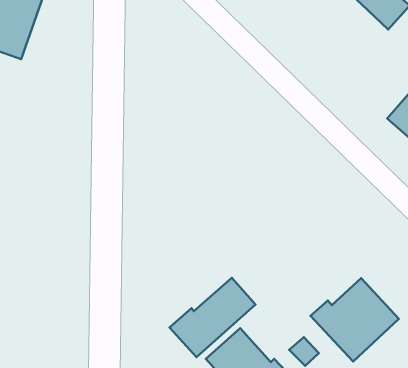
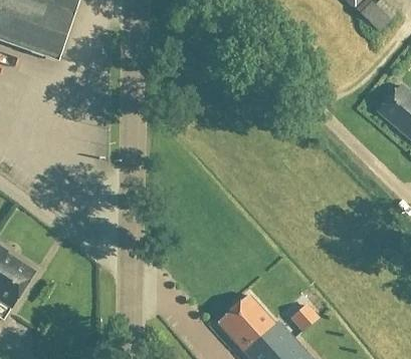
building: [169,278,255,357] -> none
building: [310,278,399,361] -> none

